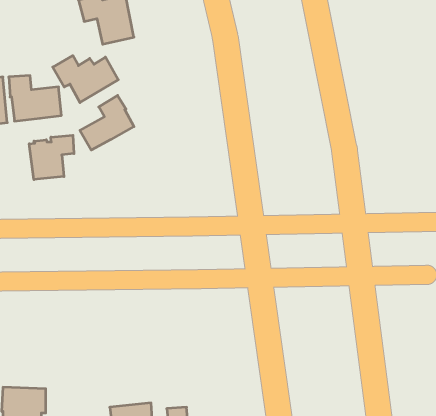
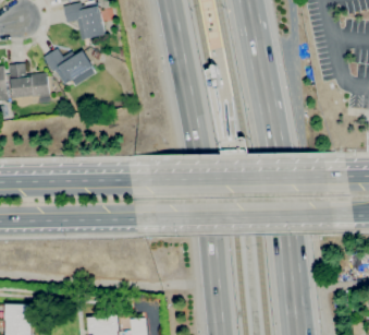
building: [80,95,134,150] -> none
building: [29,135,74,180] -> none

